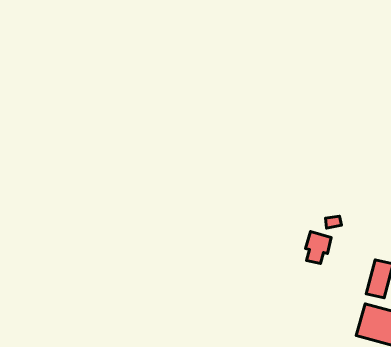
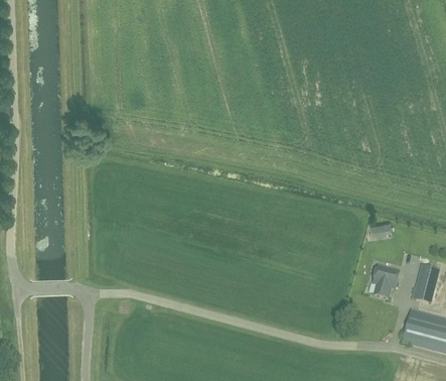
building: [305,232,331,263] -> [370,265,397,297]

